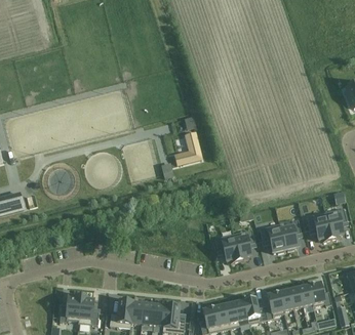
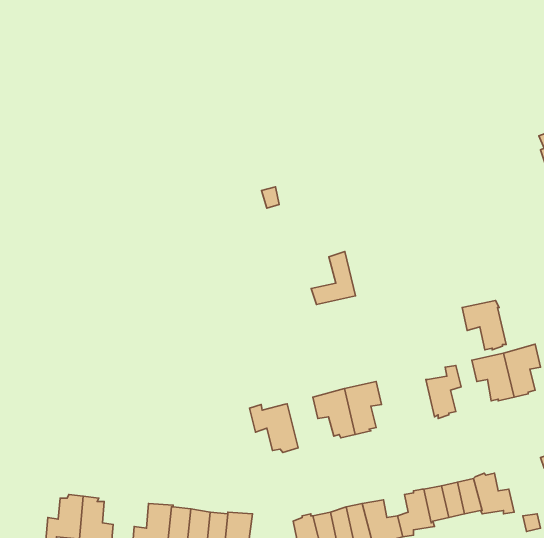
building: [175,131,201,162] -> [311,251,355,305]
building: [260,222,285,251] -> [462,300,506,350]
building: none -> [250,404,298,452]

